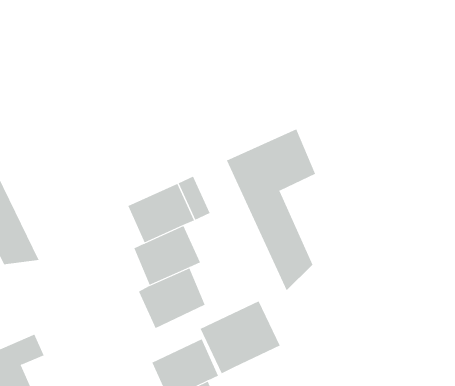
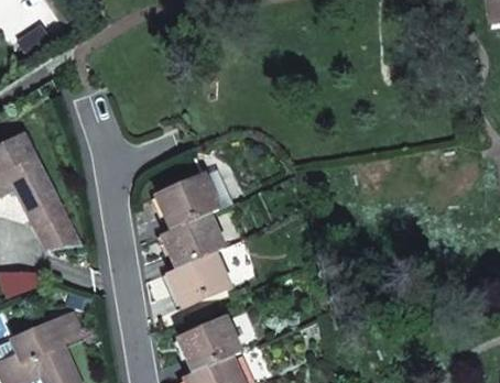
building: [226,128,316,291] -> none
building: [200,300,281,374] -> none

